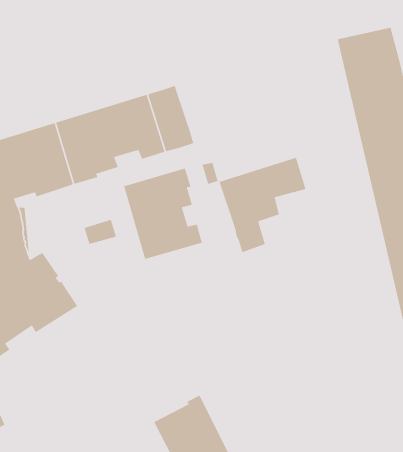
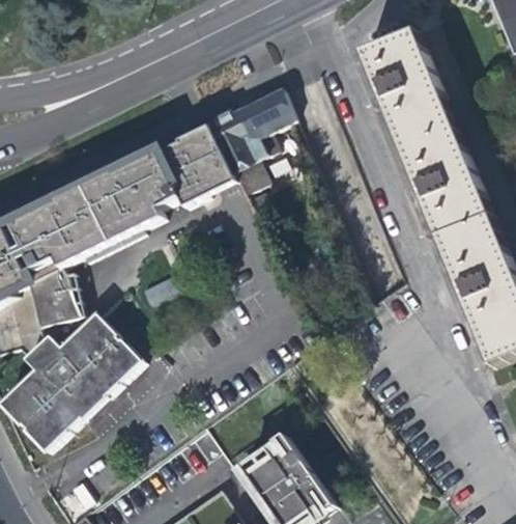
building: [218,157,307,253] -> [205,85,295,191]
building: [123,167,203,260] -> none

